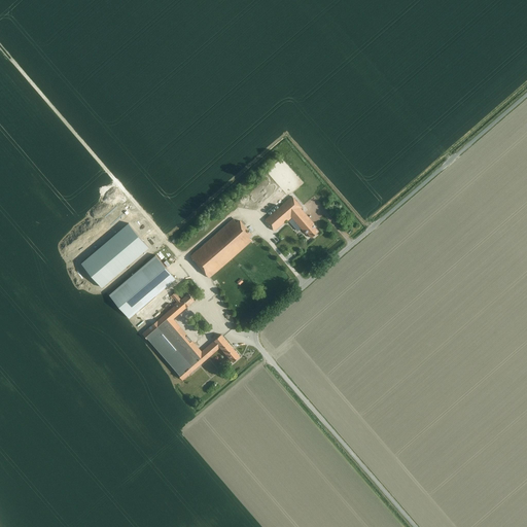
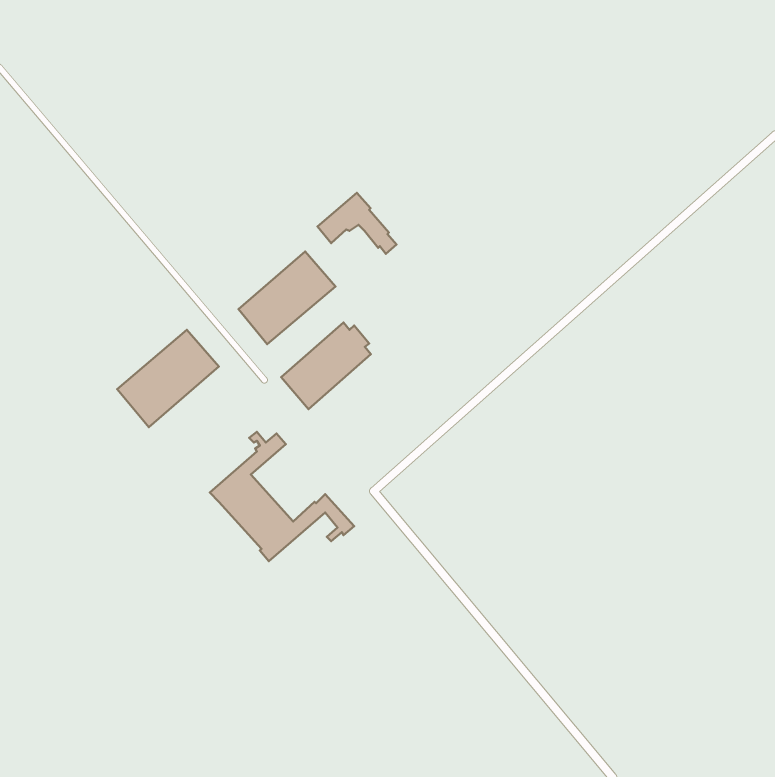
building: [265,197,318,238] -> [317,193,396,254]
building: [109,255,175,318] -> [238,252,336,344]

